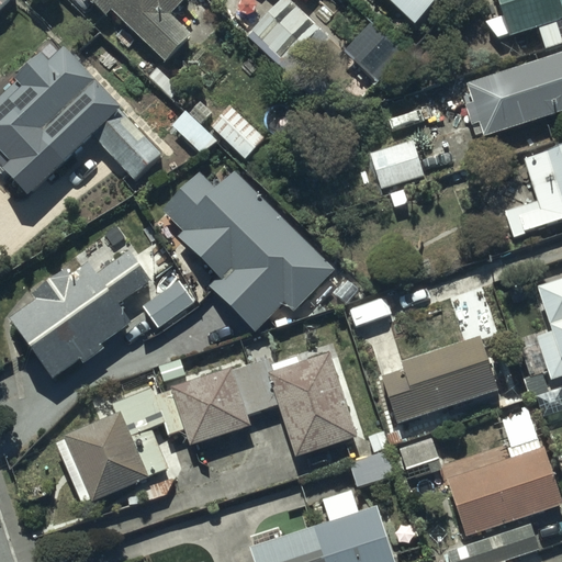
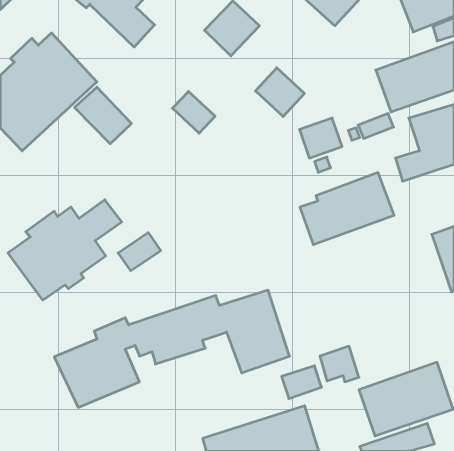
building: [342,20,403,80] -> [255,68,304,117]
building: [165,161,339,327] -> none
building: [380,339,496,428] -> [300,173,394,245]

